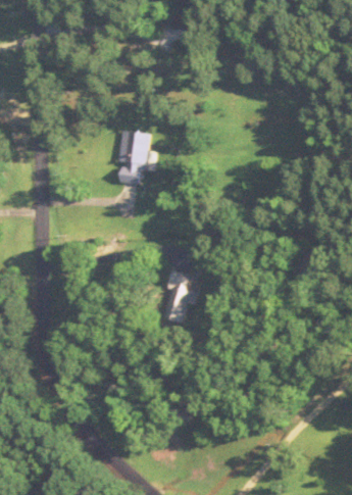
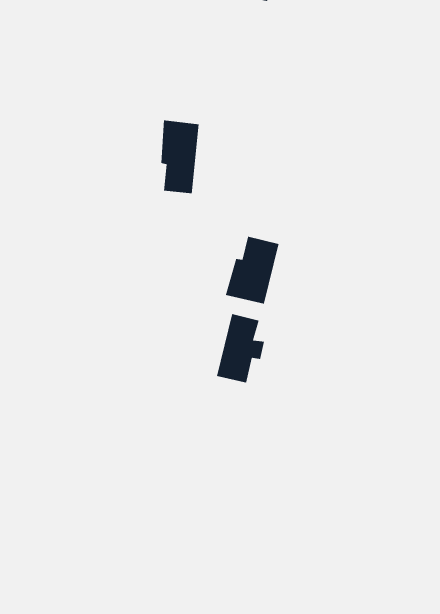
building: none -> [225,236,279,305]

